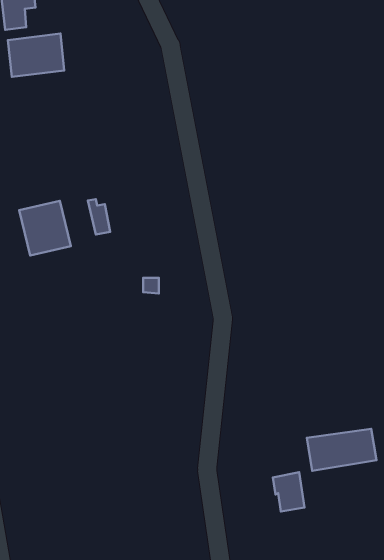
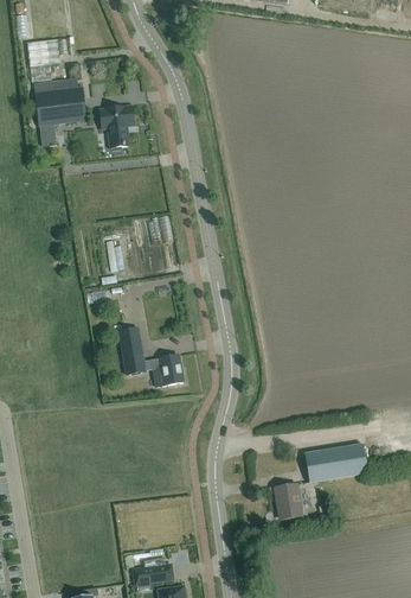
building: none -> [99,106,133,150]
building: [19,201,71,256] -> none
building: none -> [118,327,182,384]

